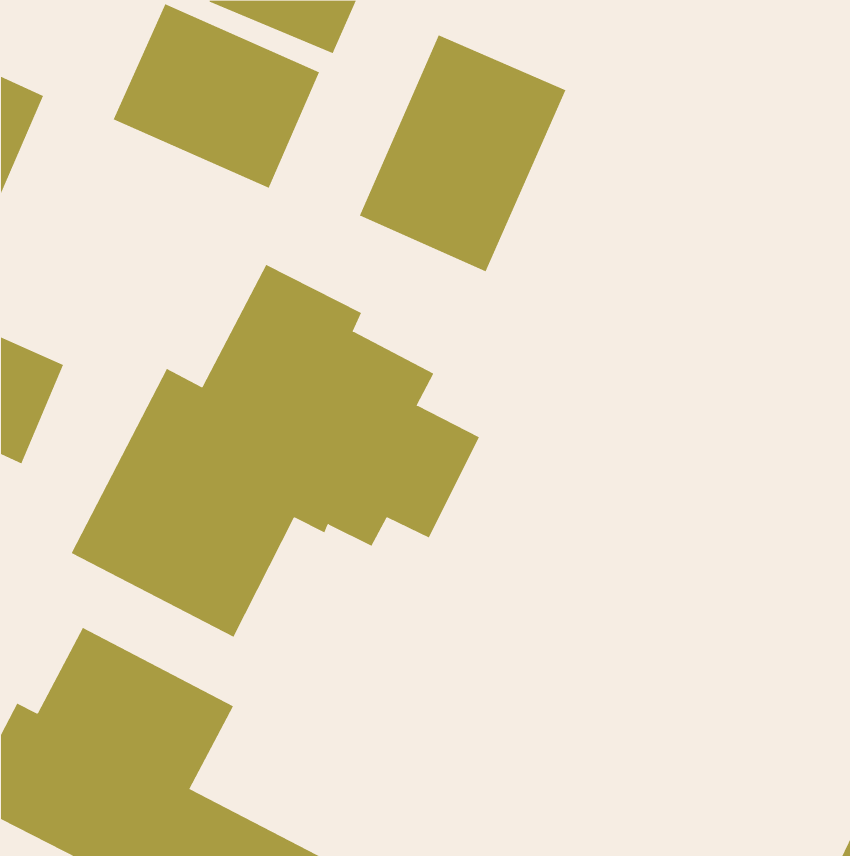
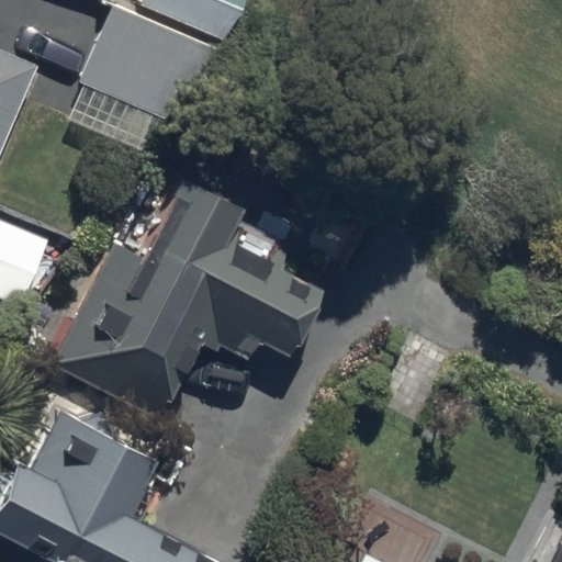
building: [359,35,566,272] -> none

